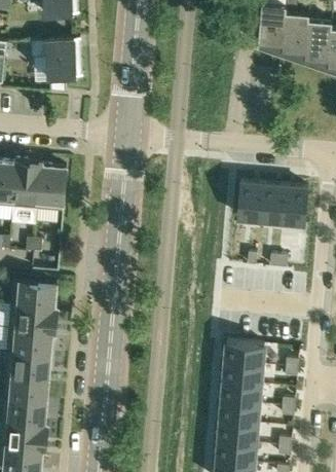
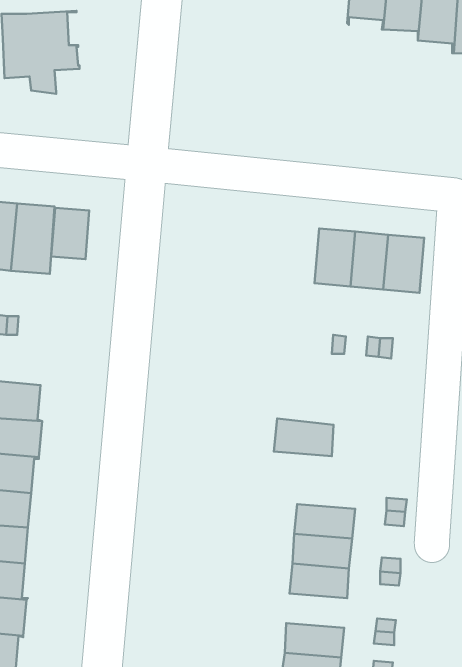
building: none -> [51,208,89,259]
building: [225,342,264,367] -> [274,419,333,456]
building: [218,423,258,445] -> none

